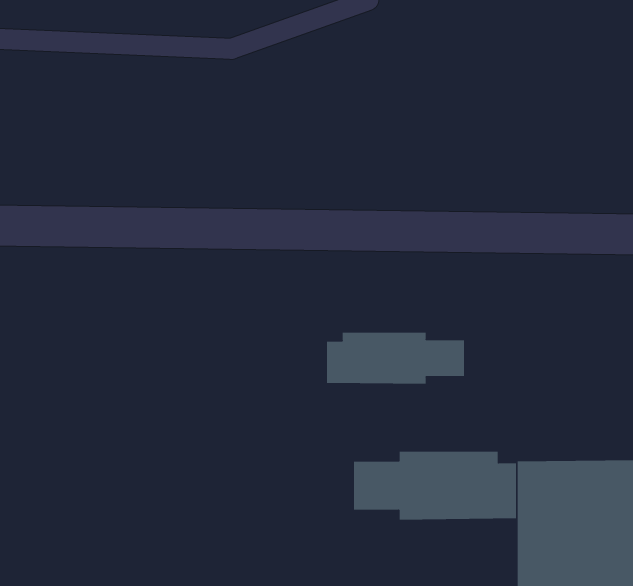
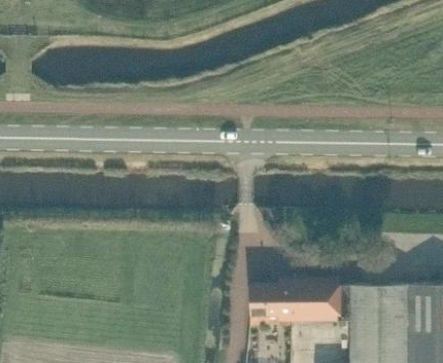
building: [327,332,464,385] -> none

